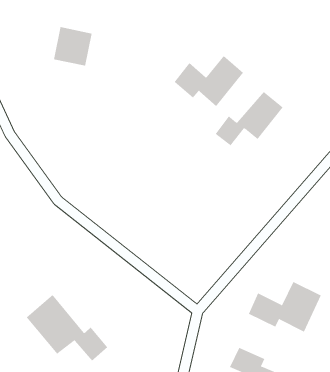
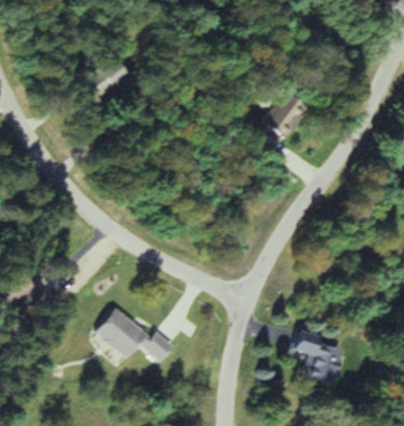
building: [174,55,244,107] -> none
building: [248,281,321,333] -> none

